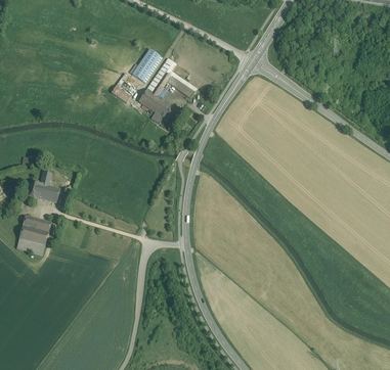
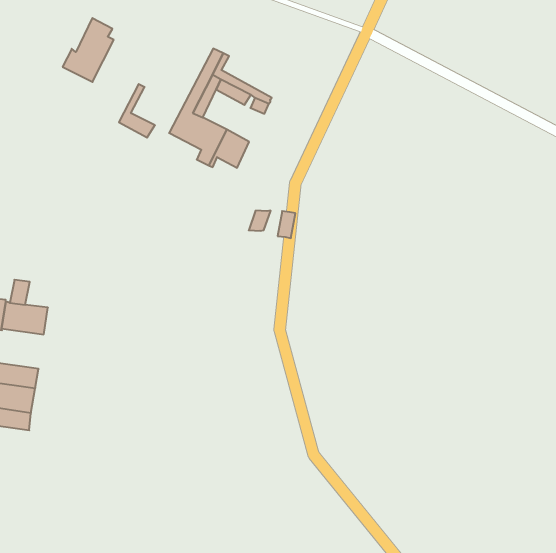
building: [130,49,160,84] -> [63,18,114,82]

